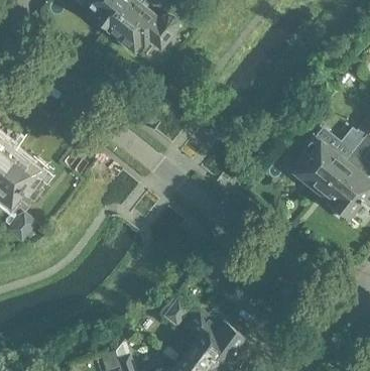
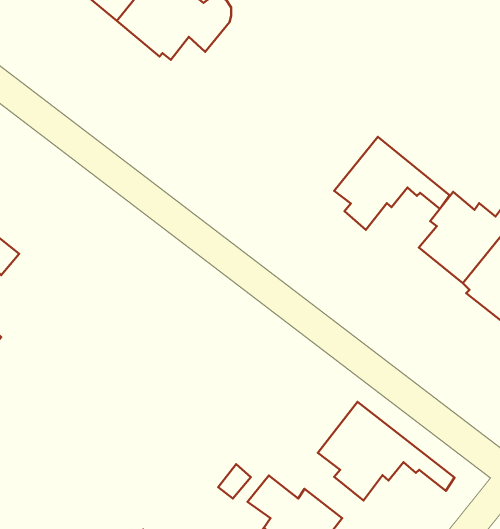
building: none -> [334,137,450,230]
building: none -> [318,402,454,501]

